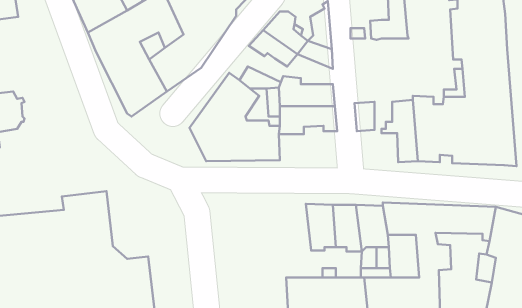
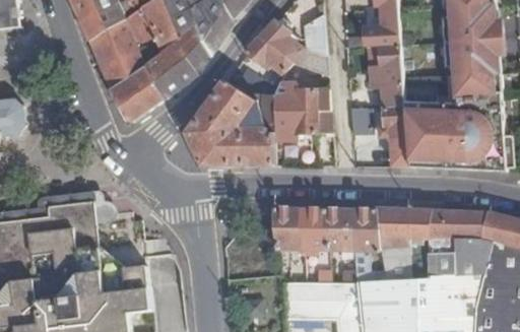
building: none -> [369,46,404,108]
building: none -> [272,206,305,253]

